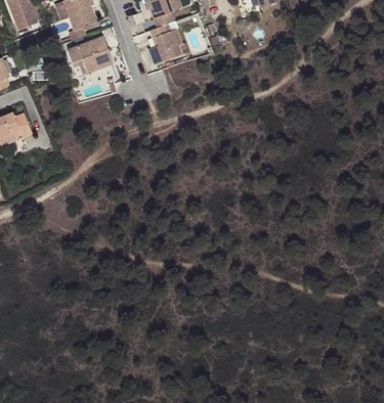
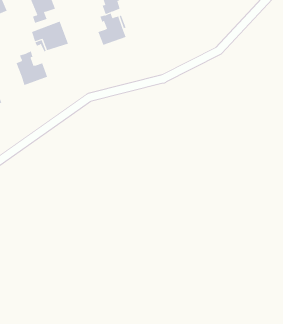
building: none -> [16,51,48,86]

